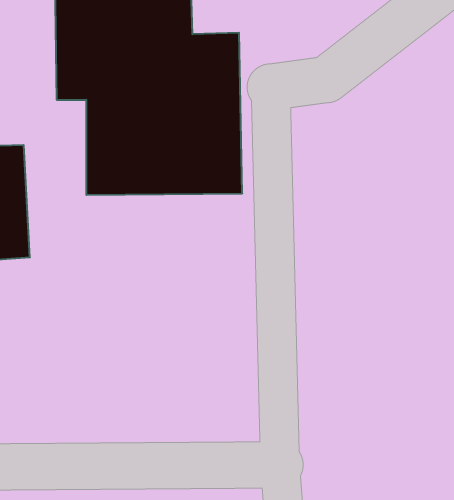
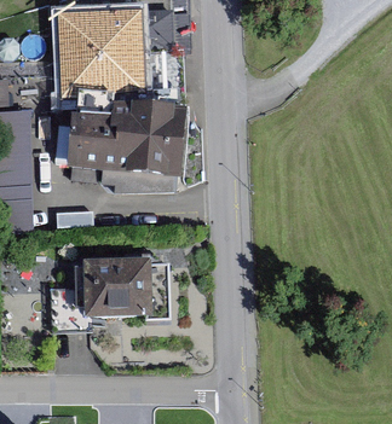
building: none -> [74,259,144,318]

